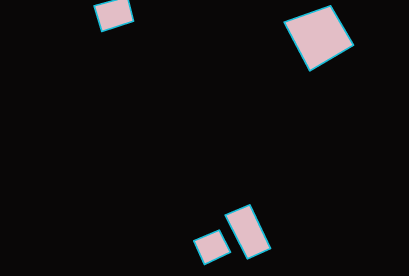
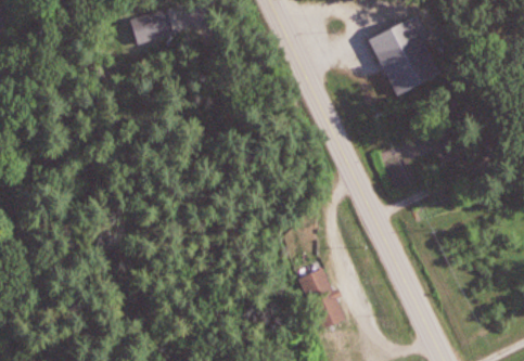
building: [194,230,230,264] -> none

